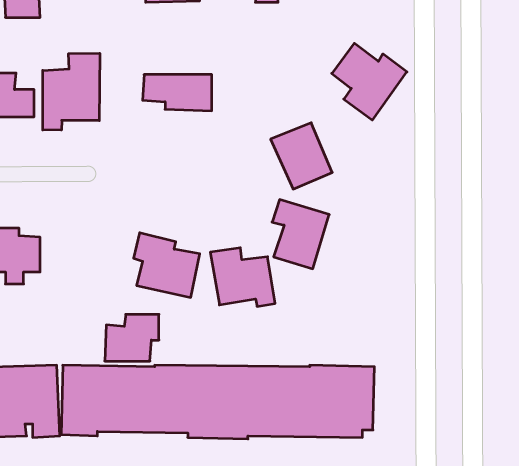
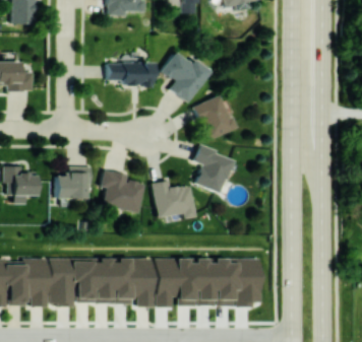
building: [332,43,407,120] -> [161,51,212,102]
building: [43,53,100,130] -> none
building: [105,314,159,361] -> [55,166,92,198]

